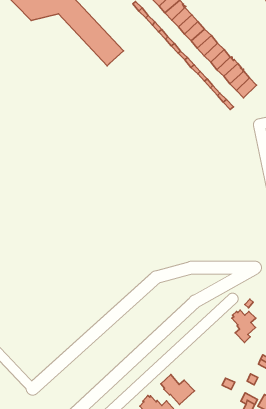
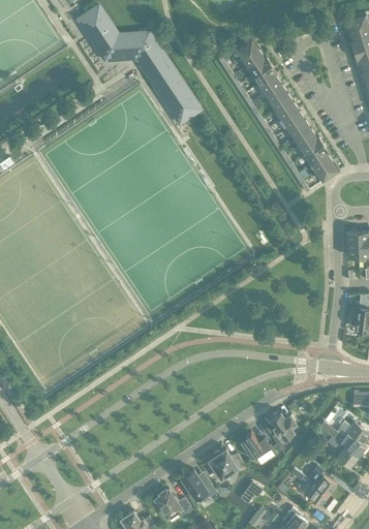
building: none -> [239,432,271,460]
building: none -> [209,449,245,479]

